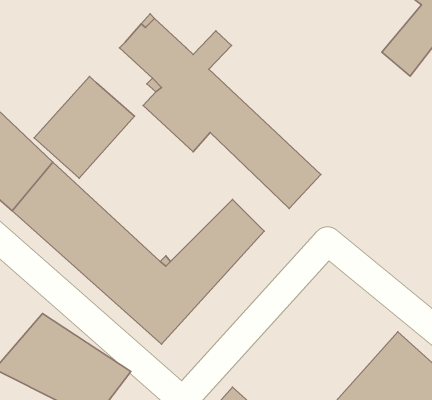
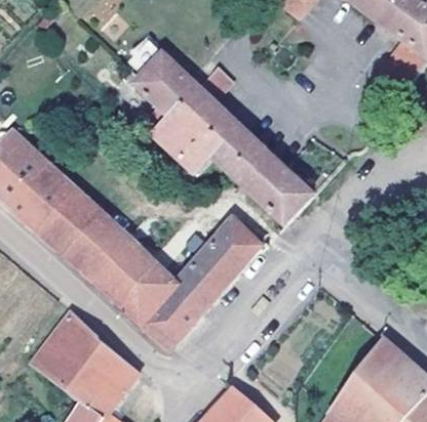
building: [34,77,135,178] -> none

